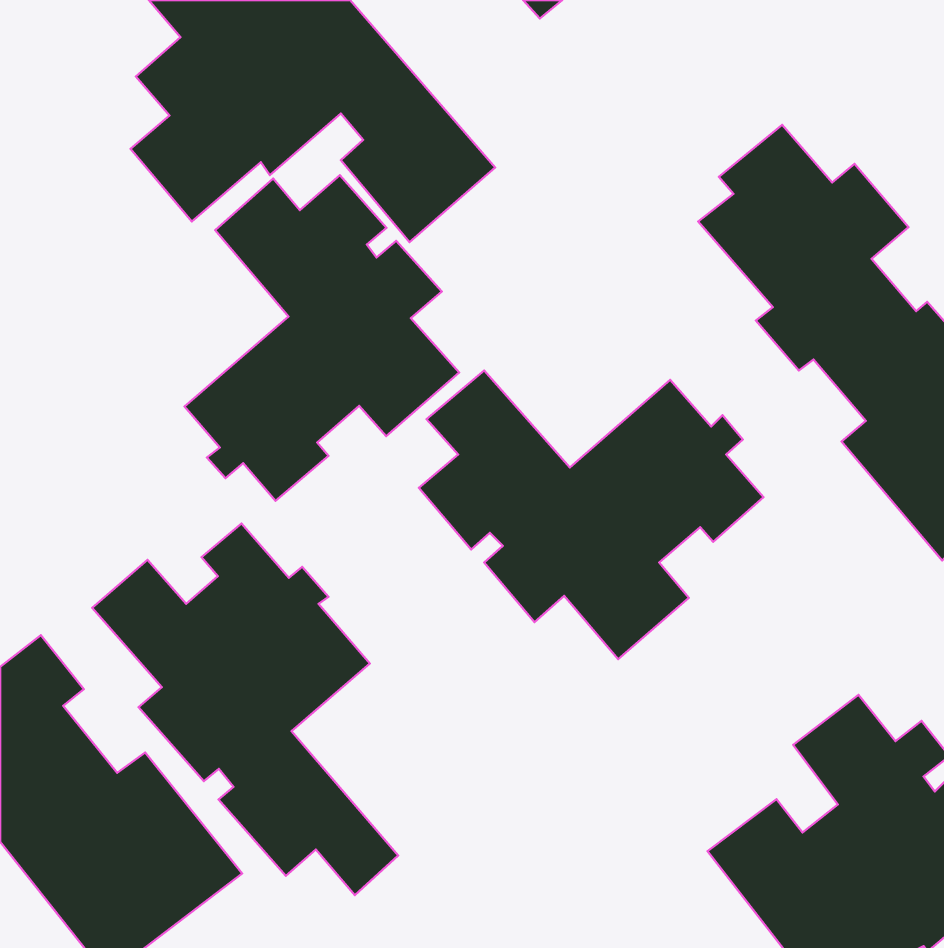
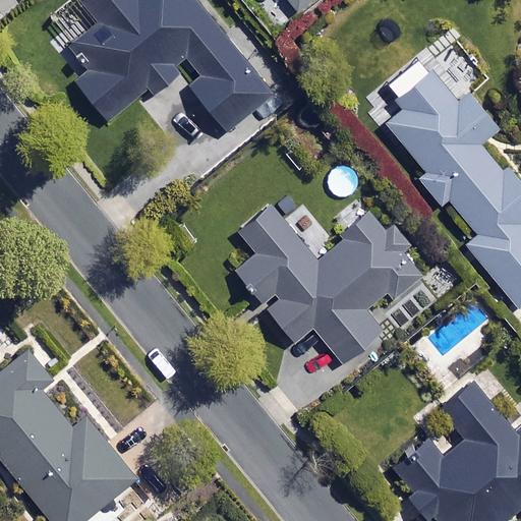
building: [185,175,459,501] -> none
building: [92,524,398,895] -> none

